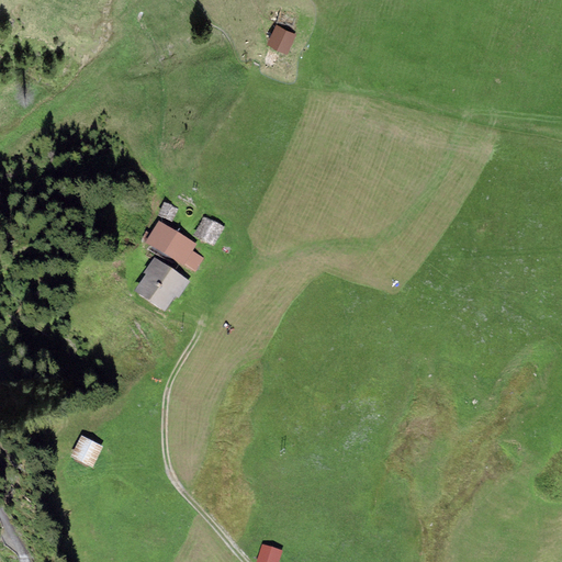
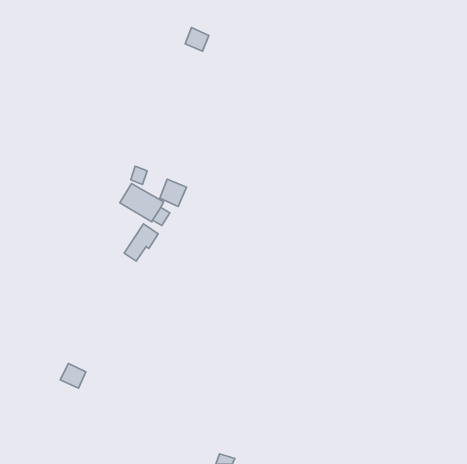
building: [269,22,297,50] -> [185,27,209,51]
building: [134,257,172,304] -> none

